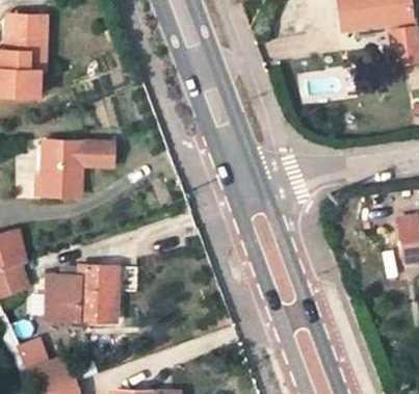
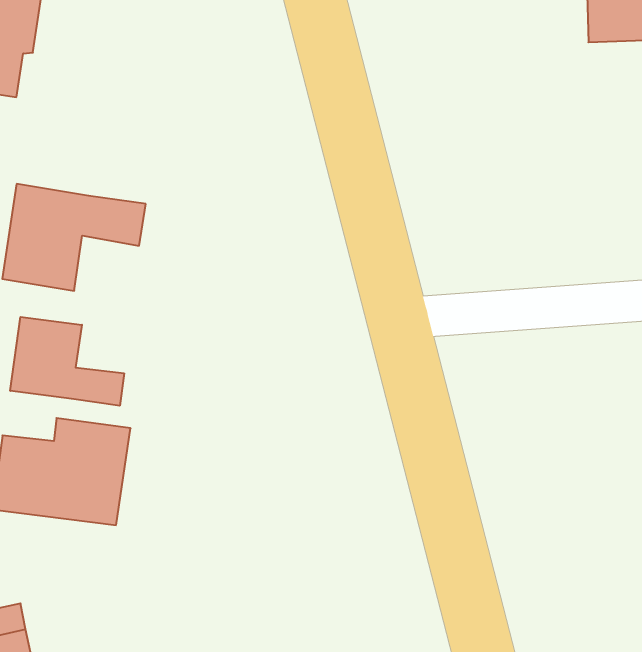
building: none -> [10,317,124,406]

